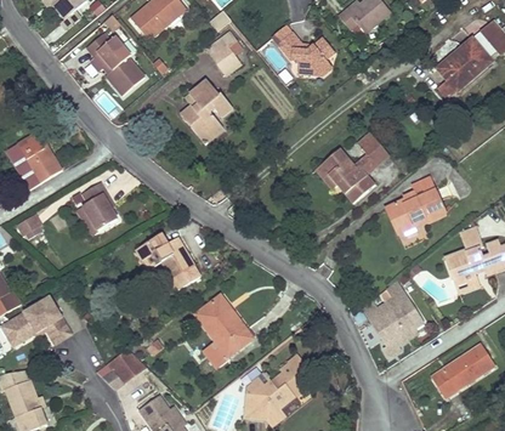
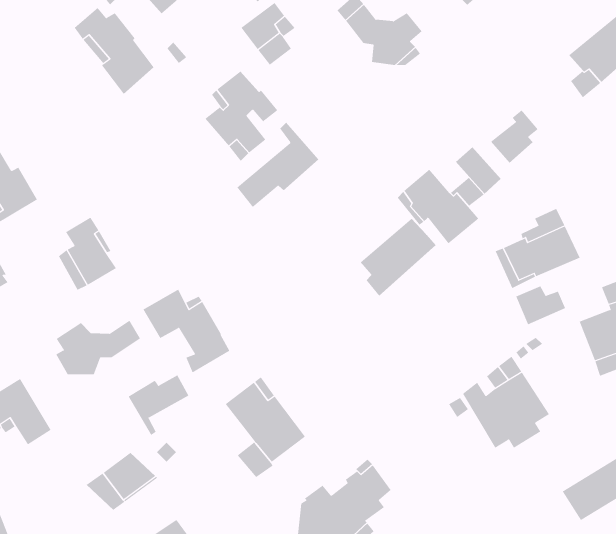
building: none -> [490,110,539,164]
building: none -> [237,122,319,208]
building: none -> [360,218,436,297]
building: none -> [515,285,566,325]
building: none -> [55,320,141,375]
building: none -> [128,374,189,436]

